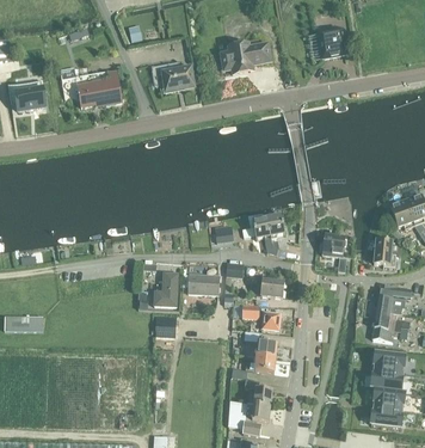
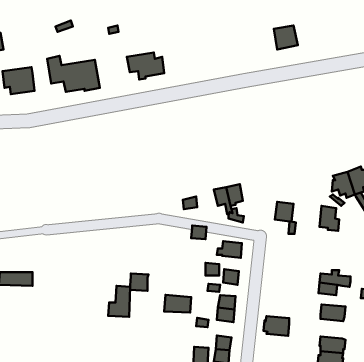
building: [221,39,271,74] -> none
building: [152,271,177,307] -> [108,286,130,317]
building: [187,274,218,294] -> [164,295,191,313]
building: [372,284,409,318] -> none
building: [370,369,400,392] -> [263,316,289,336]

